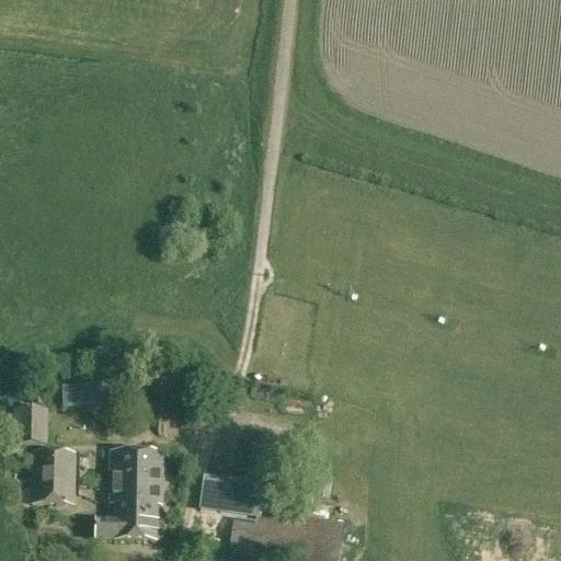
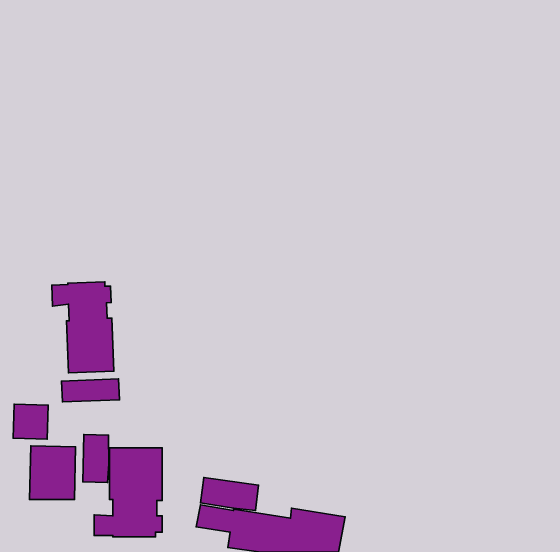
building: none -> [52,282,114,373]
building: none -> [83,435,109,482]

